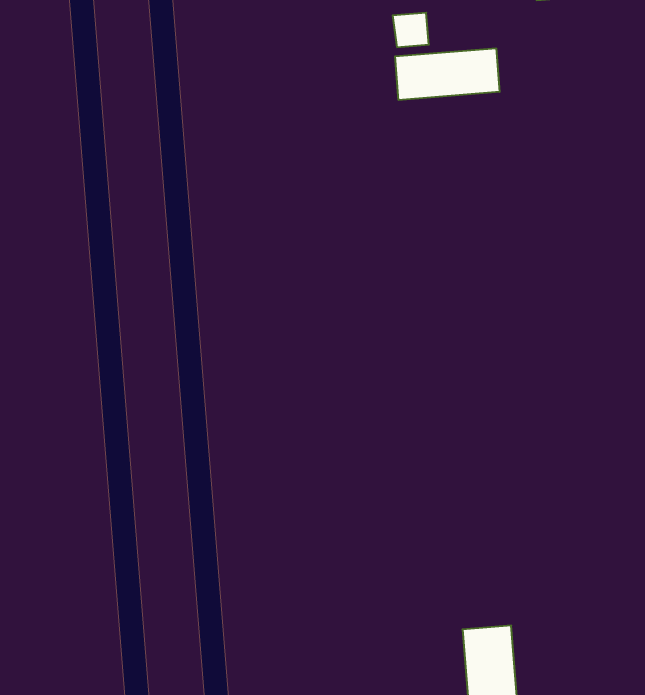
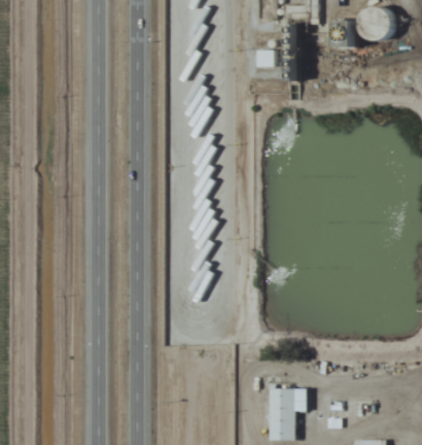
building: [395,48,500,100] -> none

